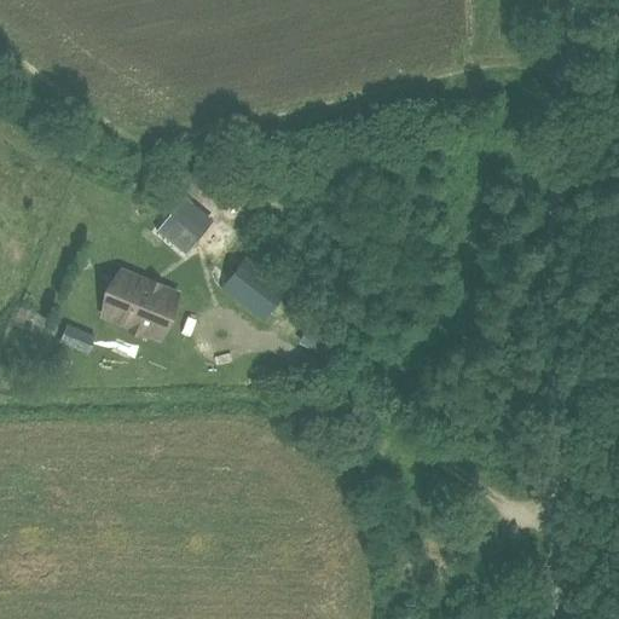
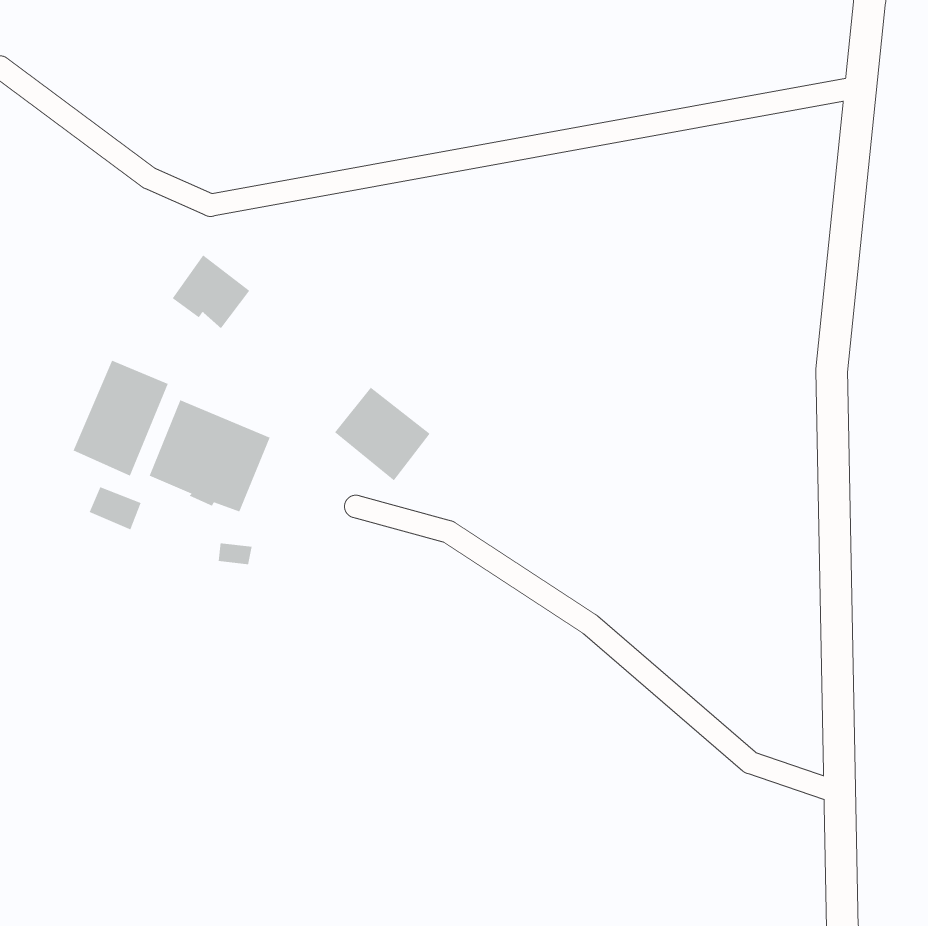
building: [162,196,214,245] -> [172,255,250,329]
building: none -> [73,360,168,476]

